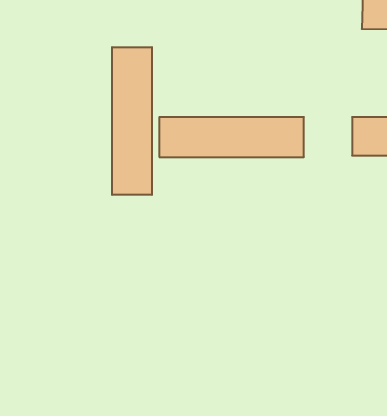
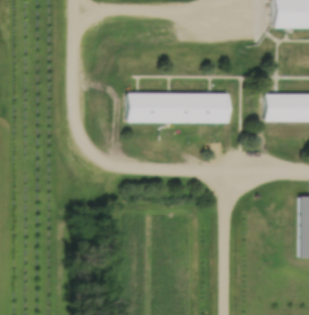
building: [112,47,152,195] -> none

